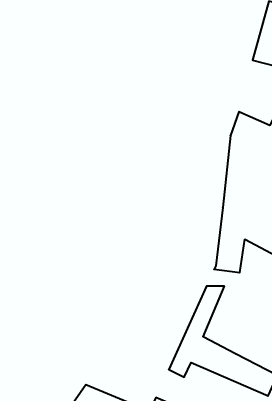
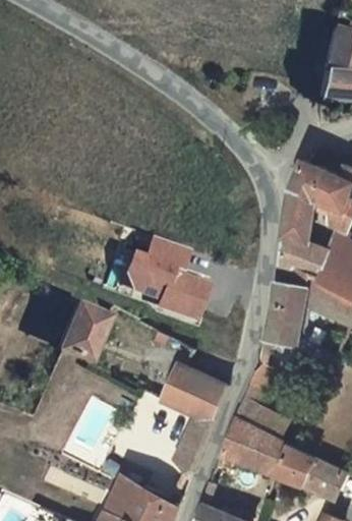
building: none -> [124,233,217,317]
building: none -> [53,303,105,362]
building: none -> [162,364,228,474]

